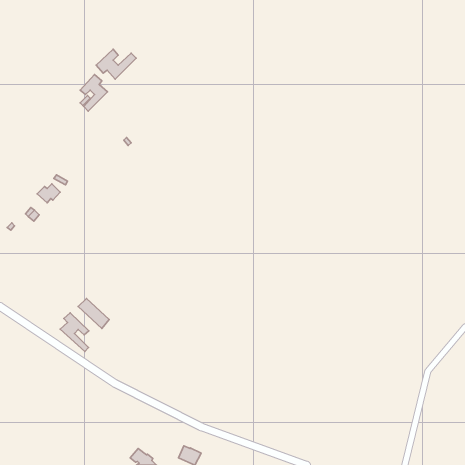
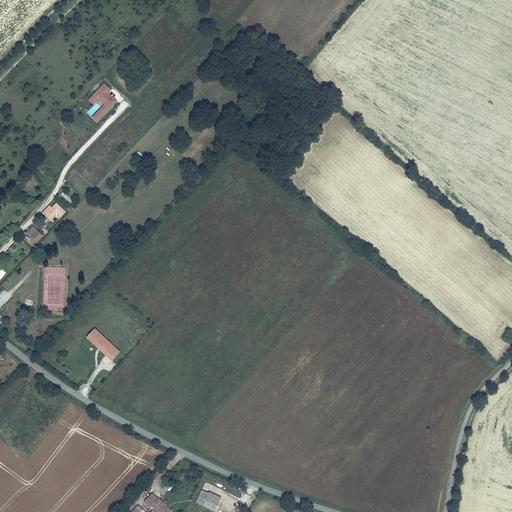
building: [96,49,136,79] -> none
building: [60,313,89,352] -> none

